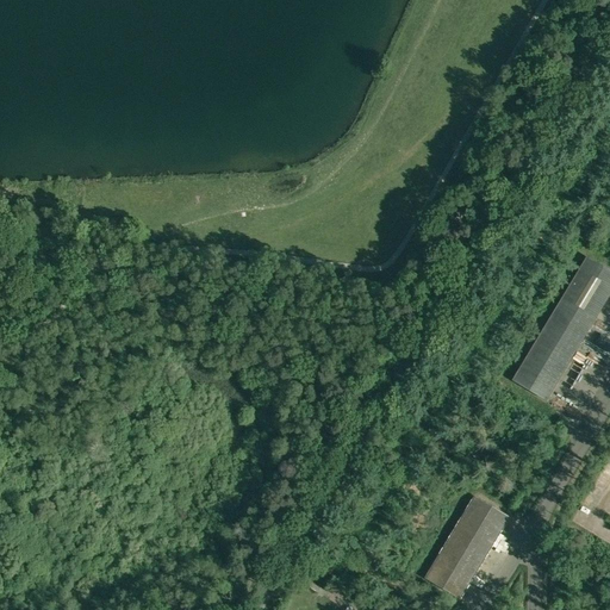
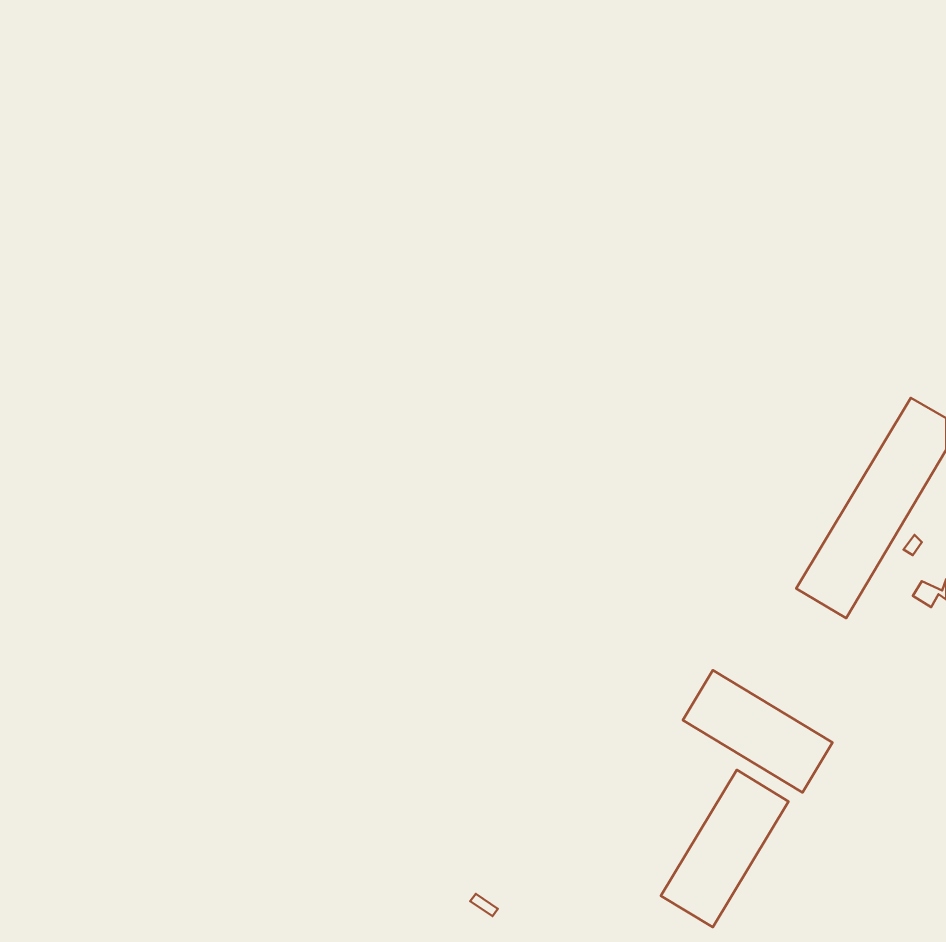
building: none -> [683,670,833,793]

